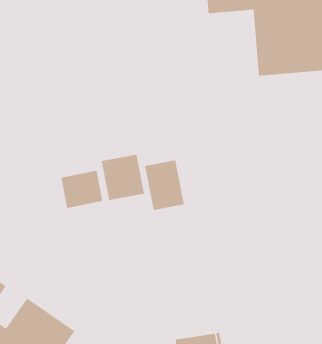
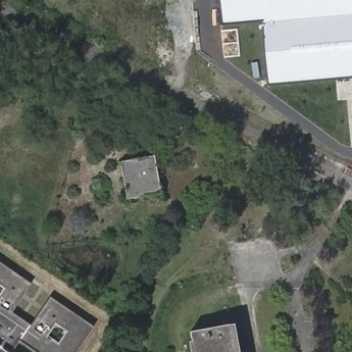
building: [145,160,185,211] -> none
building: [61,170,103,209] -> none

